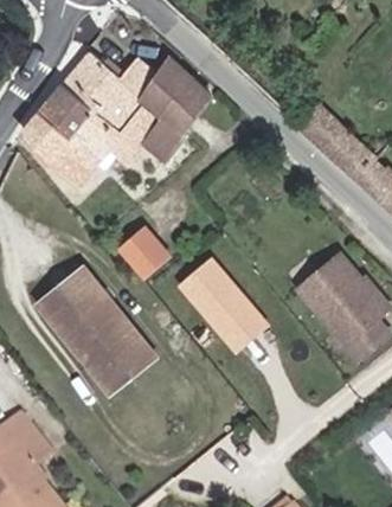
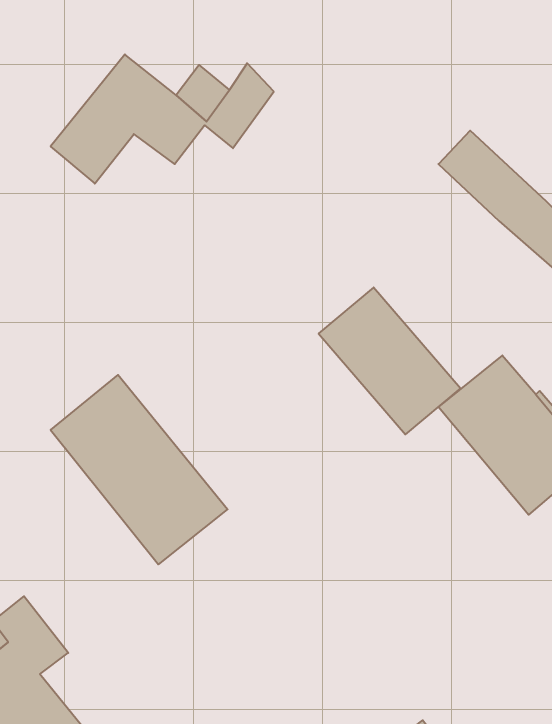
building: [21,77,208,186] -> none
building: [120,229,167,276] -> none
building: [178,252,272,351] -> [319,287,460,434]

